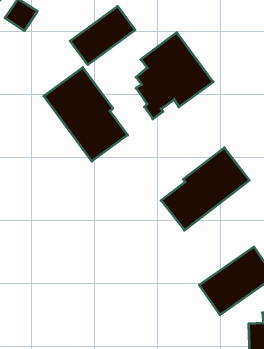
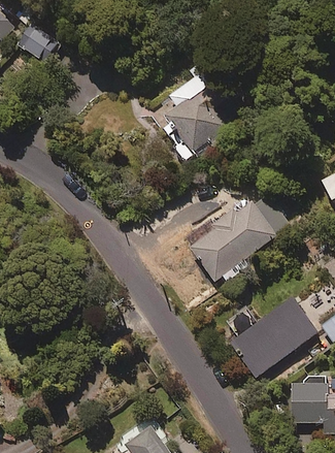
building: [70,6,135,65] -> none
building: [44,67,128,161] -> none

